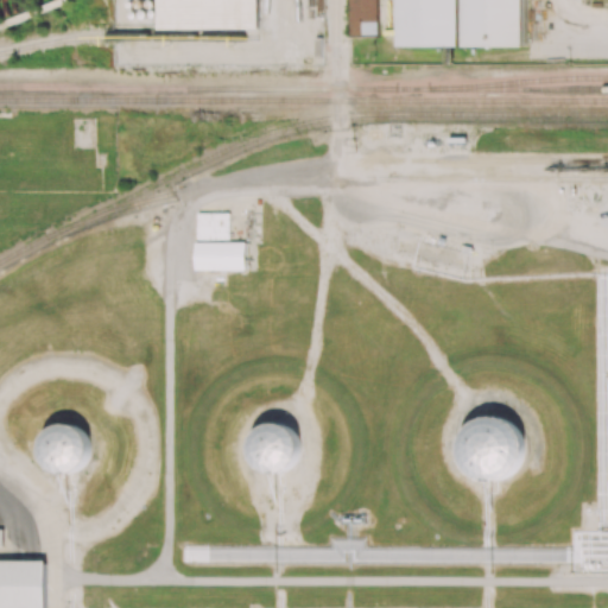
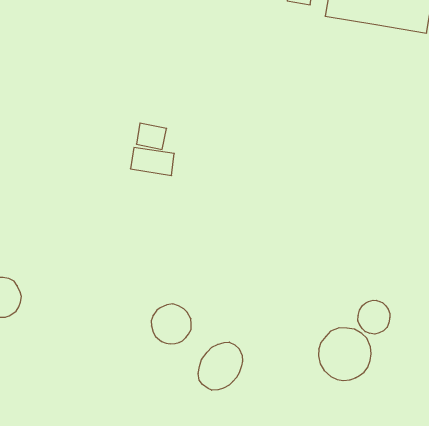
building: none -> [358,300,390,334]
building: none -> [198,342,242,390]

